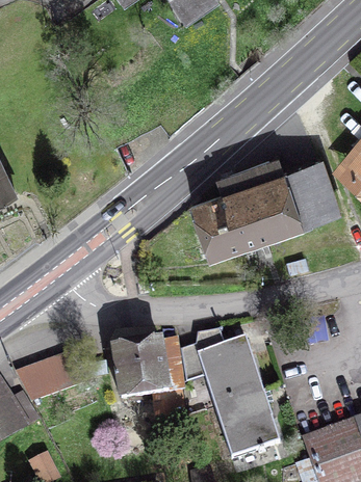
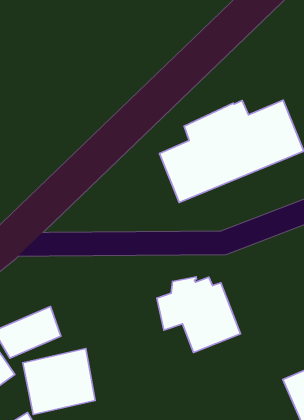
building: [113,337,183,399] -> [23,349,95,415]
building: [214,390,280,458] -> none

